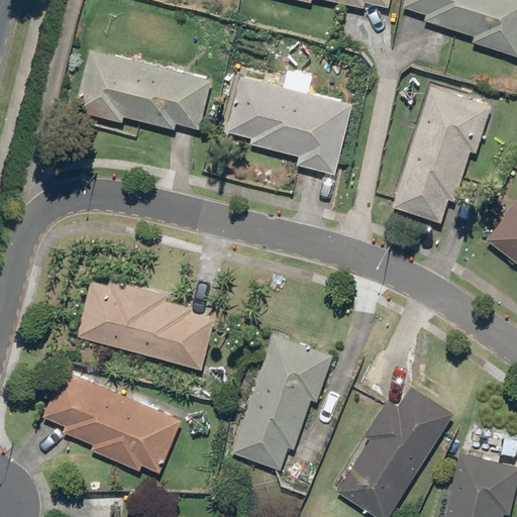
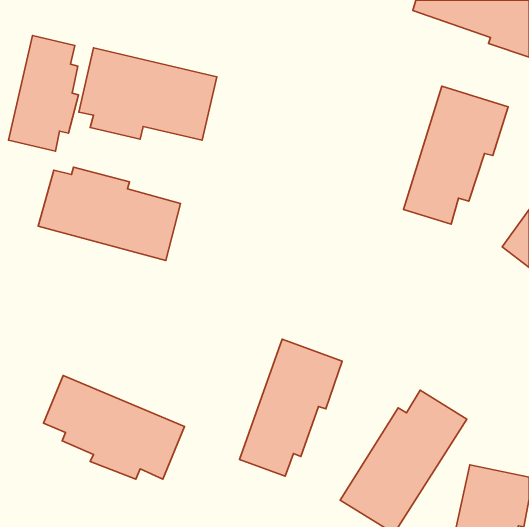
building: none -> [8,35,79,151]
building: [225,79,353,176] -> none
building: [76,278,214,369] -> [38,167,180,261]

